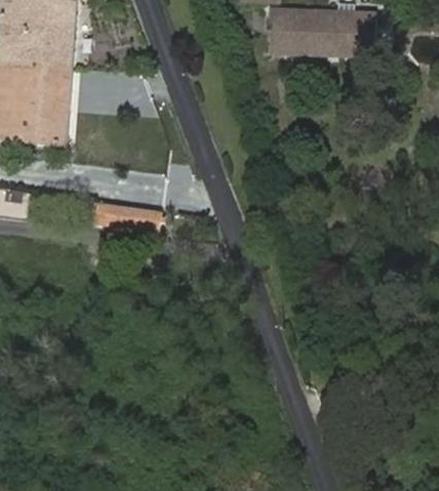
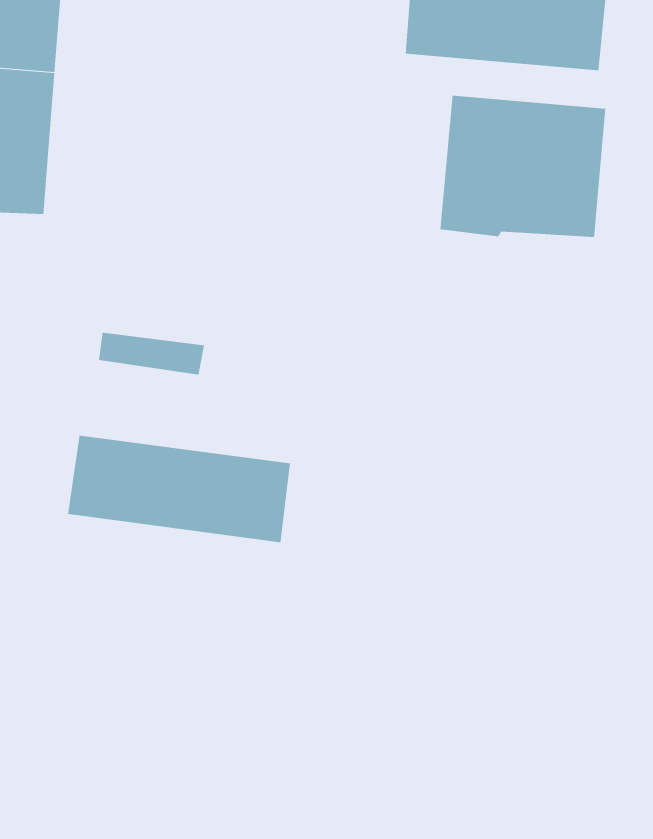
building: none -> [440,95,606,238]
building: none -> [68,435,291,543]

